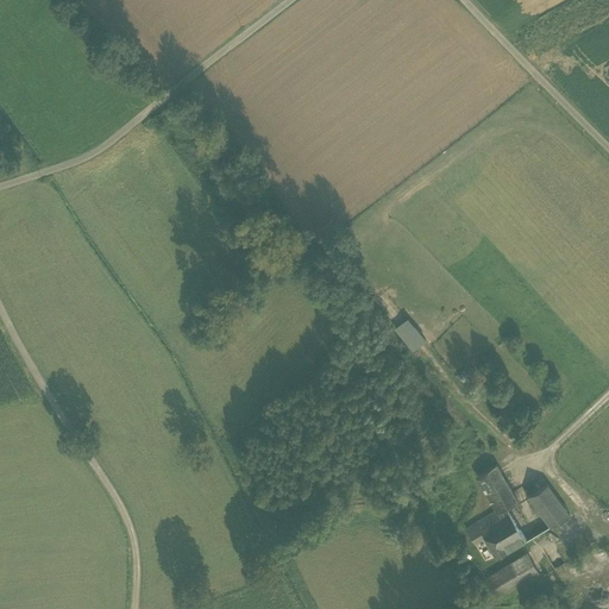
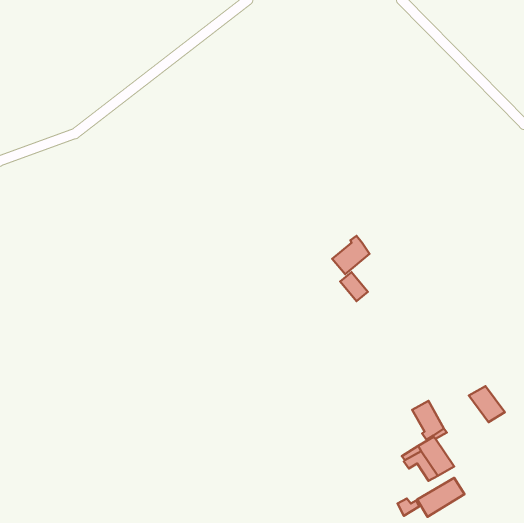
building: none -> [332,236,370,274]
building: [527,486,569,528] -> [469,386,505,422]

